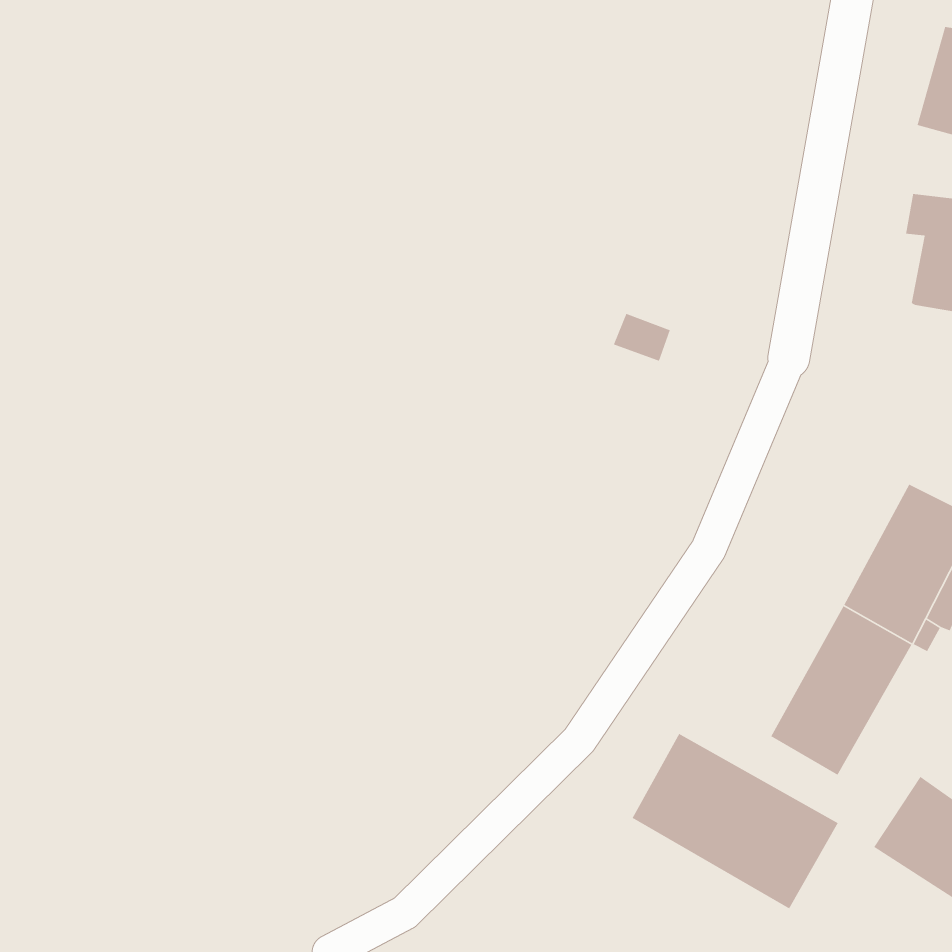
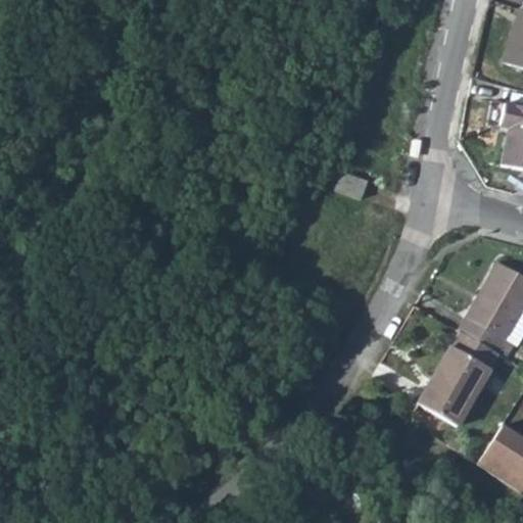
building: [632,733,839,910] -> none

